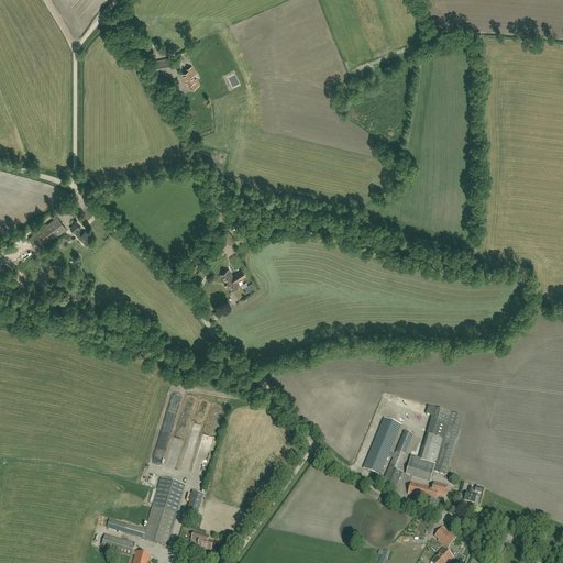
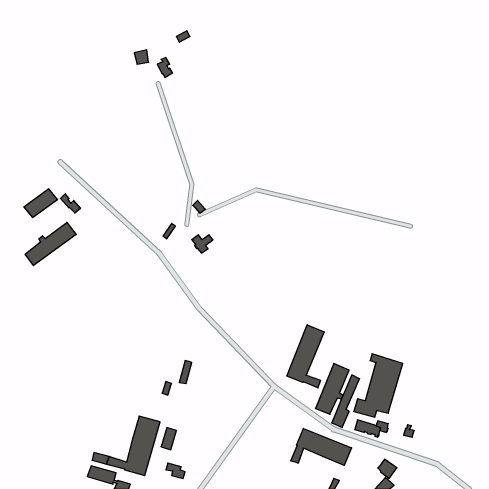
building: none -> [25,222,76,266]
building: none -> [287,325,324,388]
building: none -> [291,428,352,465]

